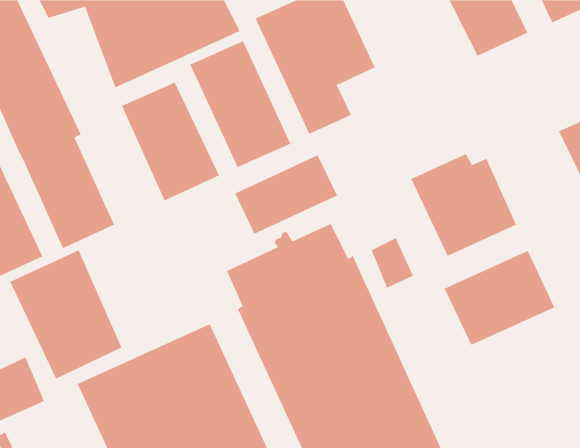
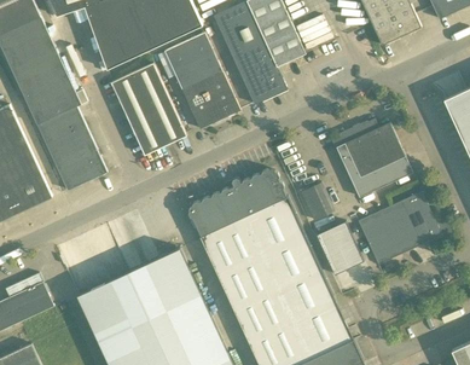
building: [234,155,338,234] -> none
building: [10,249,122,380] -> none
building: none -> [317,221,364,274]

